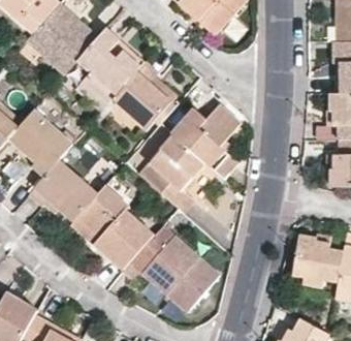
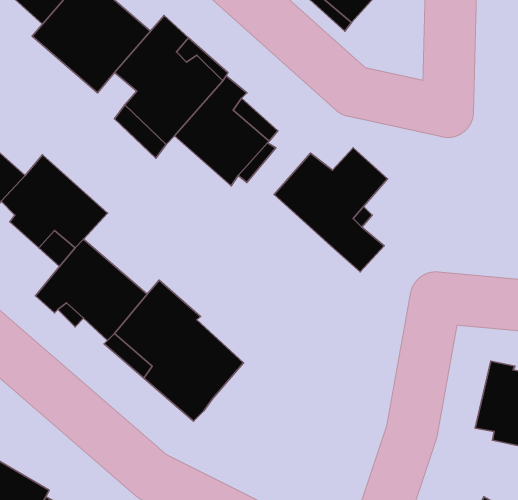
building: [137,134,206,215] -> none
building: [122,226,218,313] -> none

